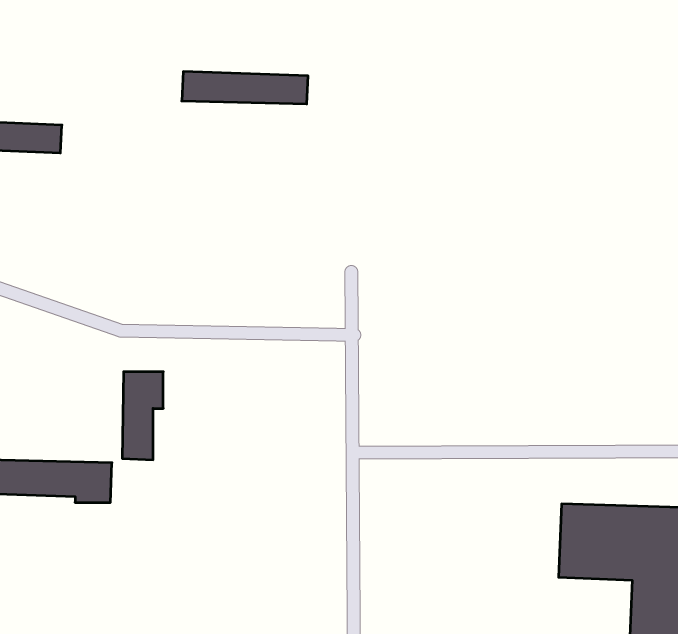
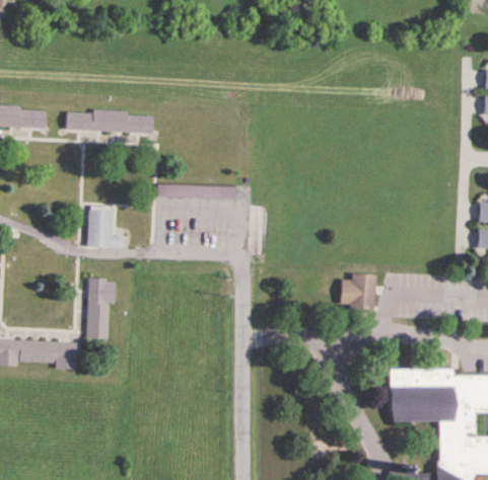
building: [182,72,308,104] -> [66,110,153,133]
building: none -> [87,207,123,248]
building: none -> [339,273,376,308]

